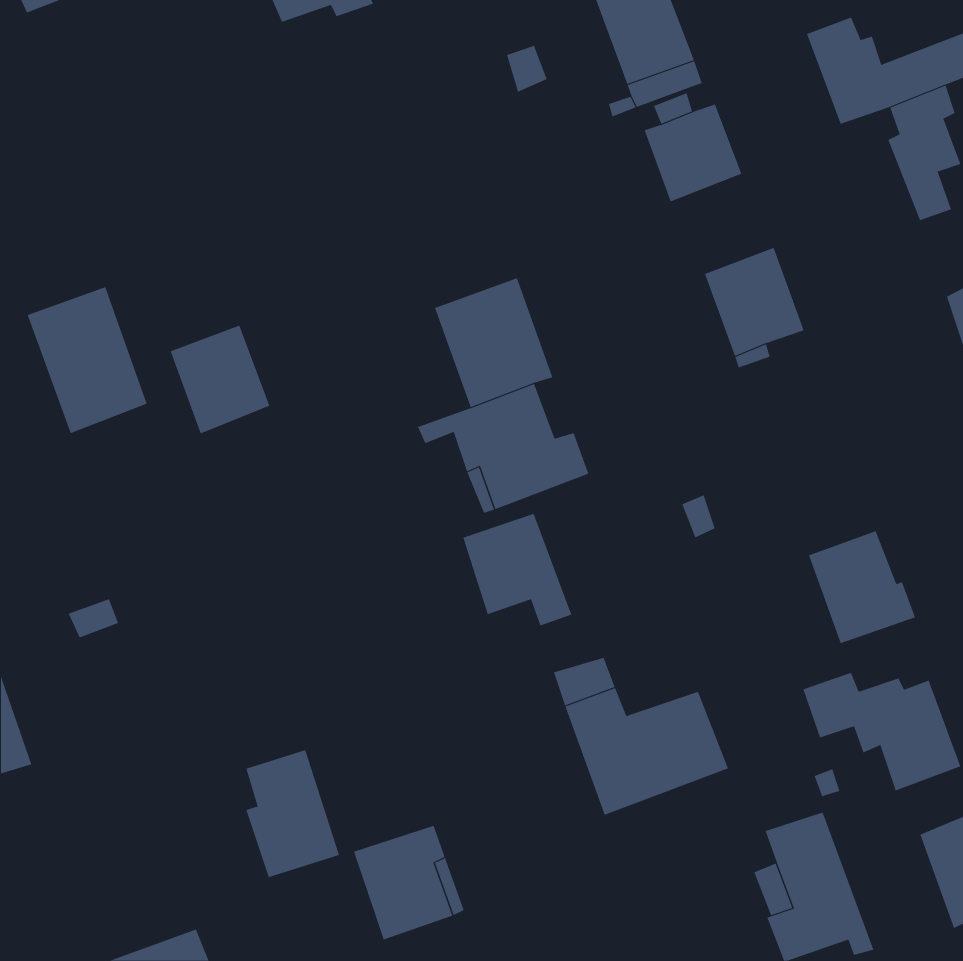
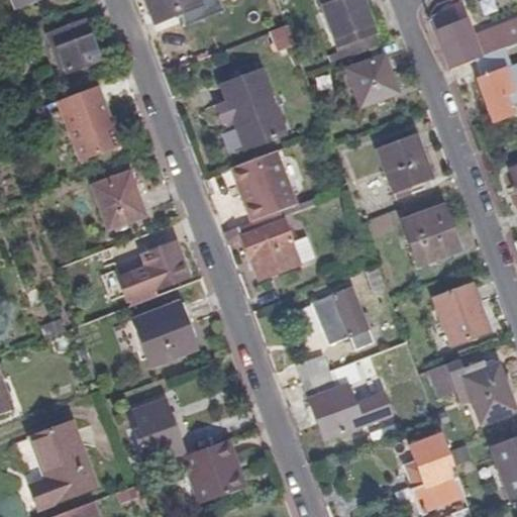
building: none -> [51,22,98,72]
building: none -> [217,67,284,144]
building: [27,287,148,434] -> [57,85,121,164]
building: none -> [401,207,457,266]
building: none -> [122,245,189,301]
building: [463,513,572,626] -> [312,286,371,346]
building: none -> [132,306,196,369]
building: none -> [31,425,93,510]

